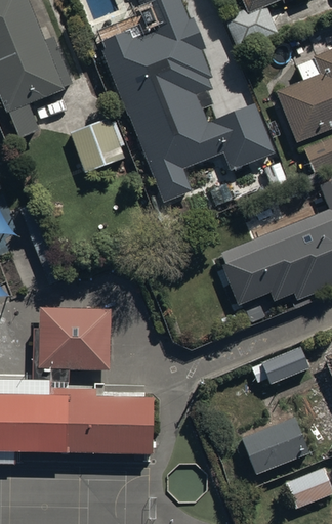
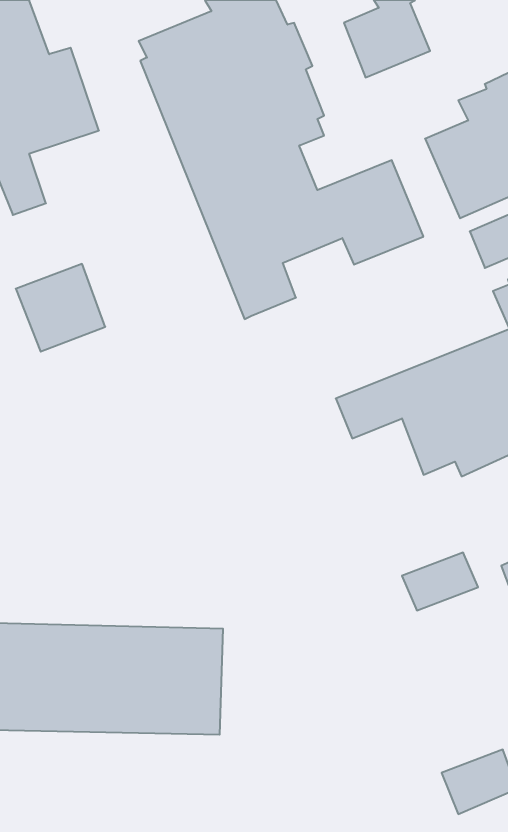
building: [71,117,126,171] -> [16,264,105,352]
building: [33,311,110,373] -> none
building: [238,407,310,478] -> none

